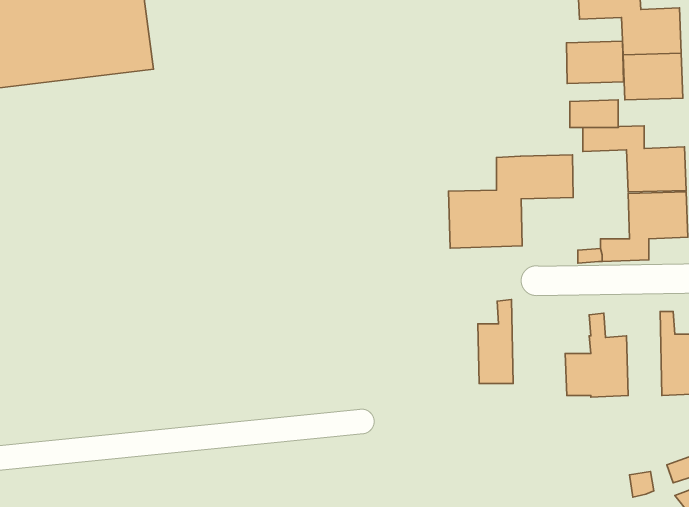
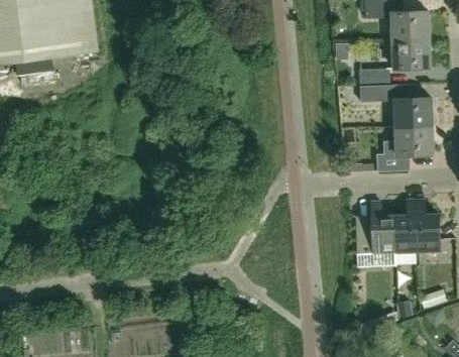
building: [566,41,623,84] -> none
building: [449,155,573,248] -> none
building: [478,300,513,384] -> [393,200,416,252]

